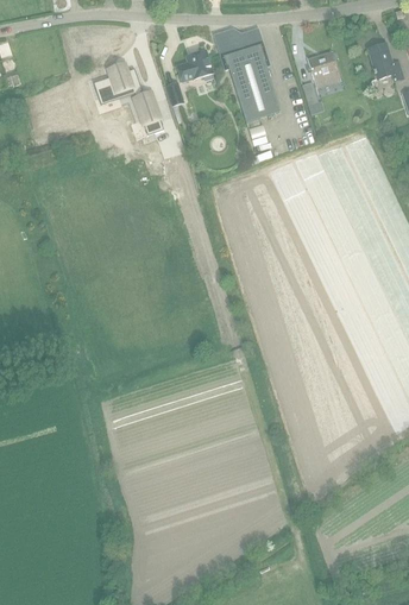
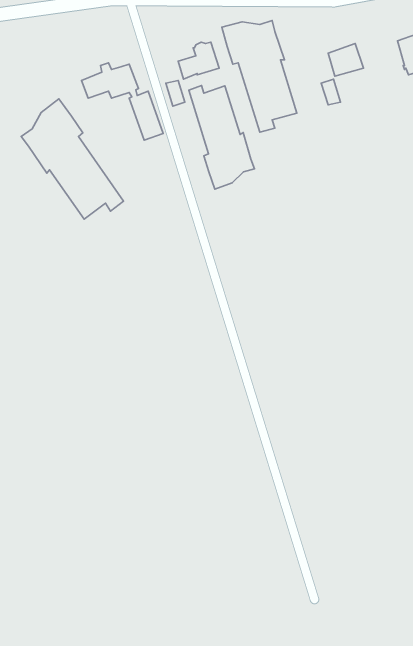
building: none -> [189,86,254,189]
building: none -> [21,99,124,219]

